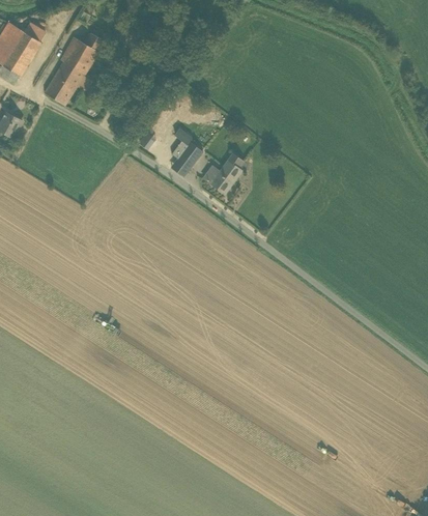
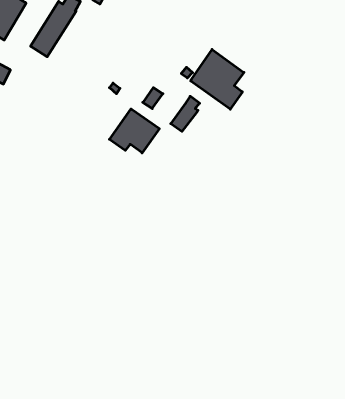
building: none -> [191,49,244,109]
building: none -> [109,109,159,153]

